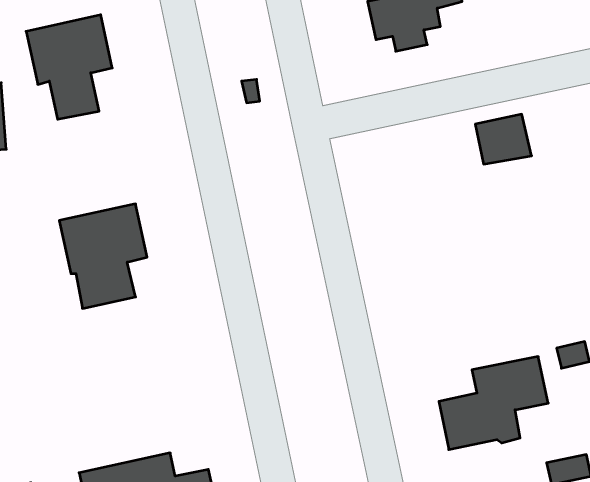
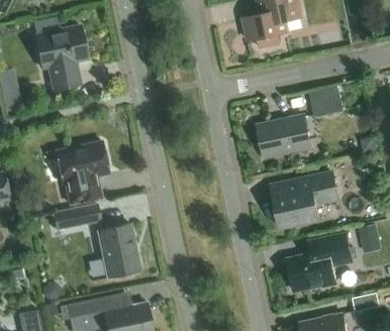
building: none -> [257,116,310,158]
building: none -> [270,174,337,228]
building: none -> [52,203,100,231]
building: none -> [97,224,139,278]

